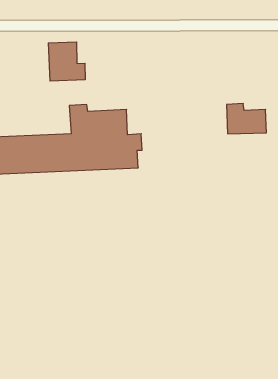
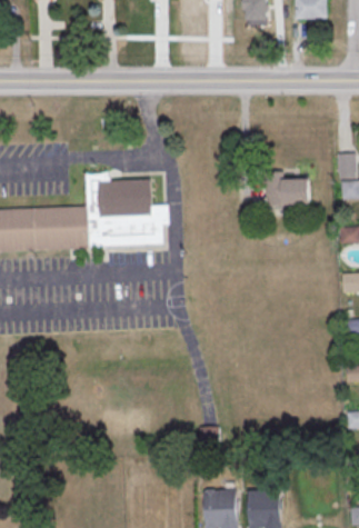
building: [48,42,85,81] -> none

